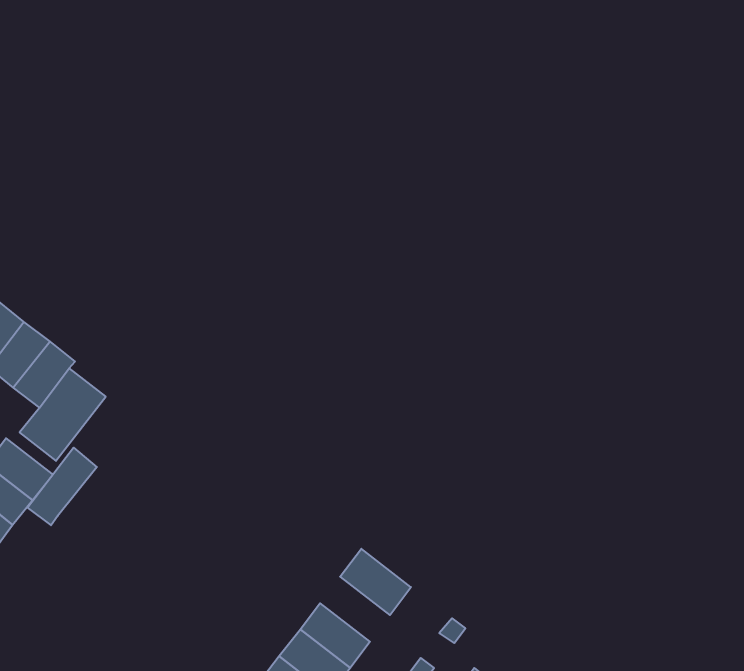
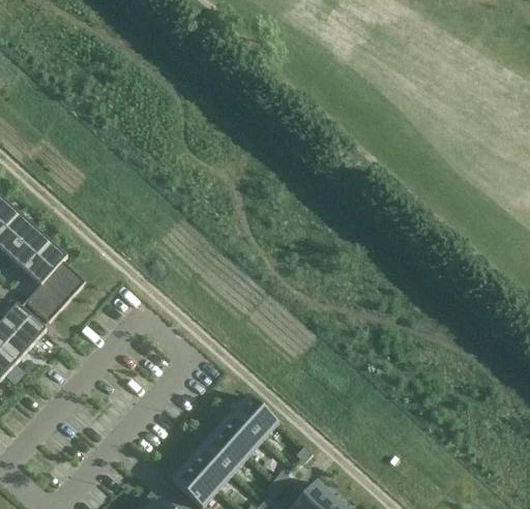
building: [28,448,97,525] -> none
building: none -> [216,412,262,456]

